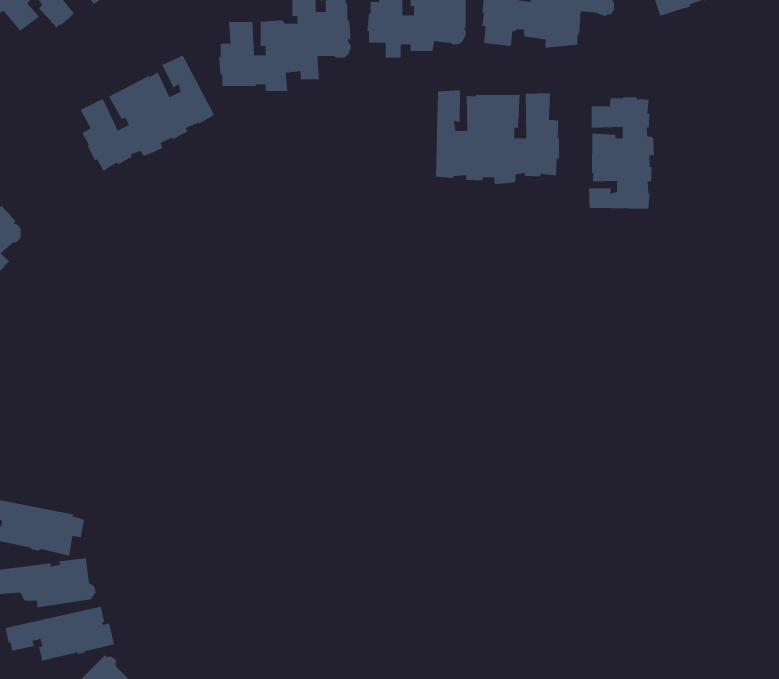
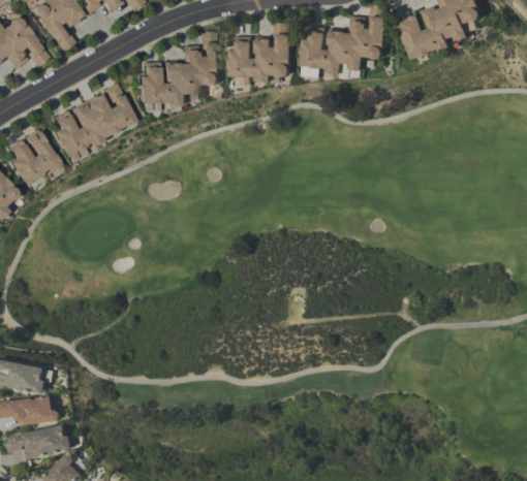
building: [436,90,560,185] -> none
building: [588,97,655,210] -> none
building: none -> [6,129,60,185]

